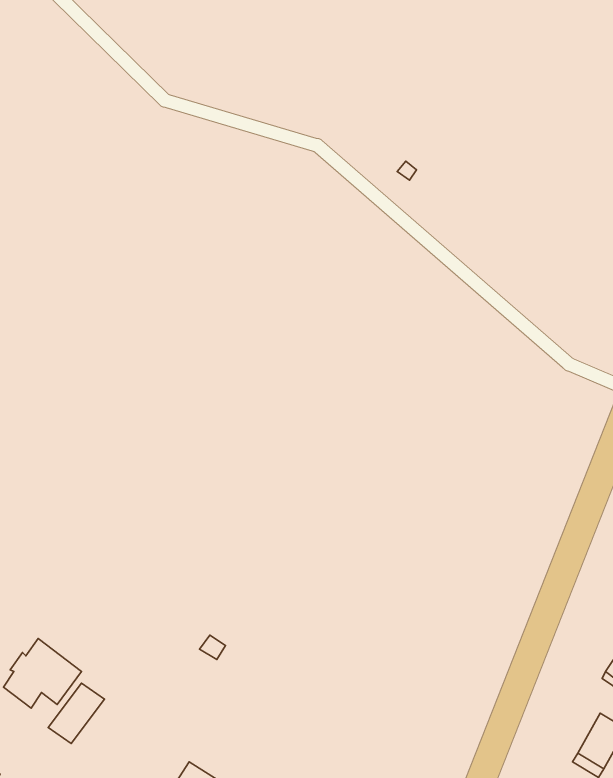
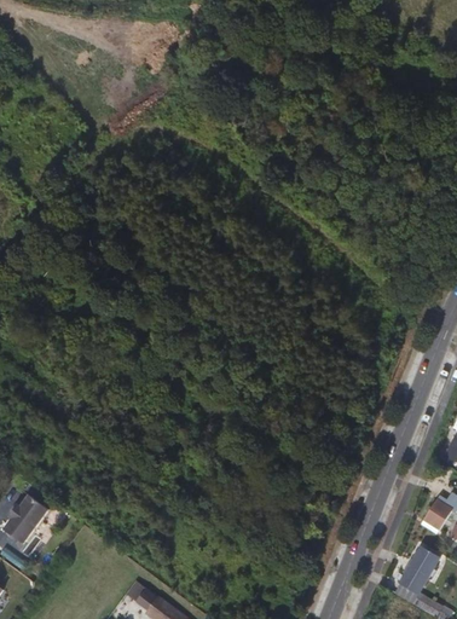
building: [48,683,105,744] -> none

